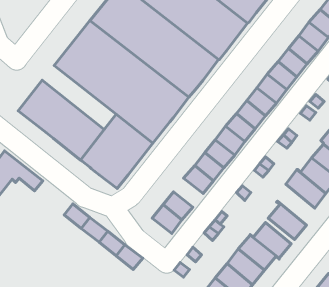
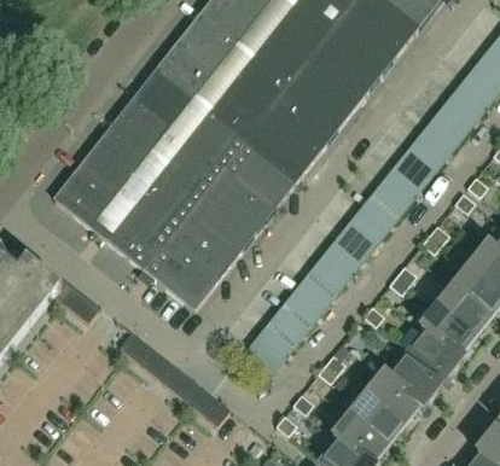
building: none -> [88,135,193,226]
building: none -> [274,295,316,336]
building: none -> [421,303,475,361]

